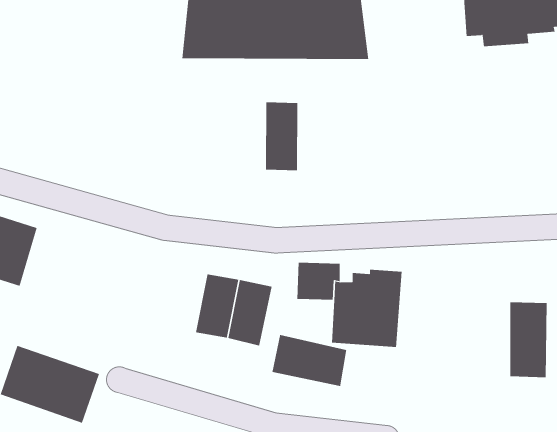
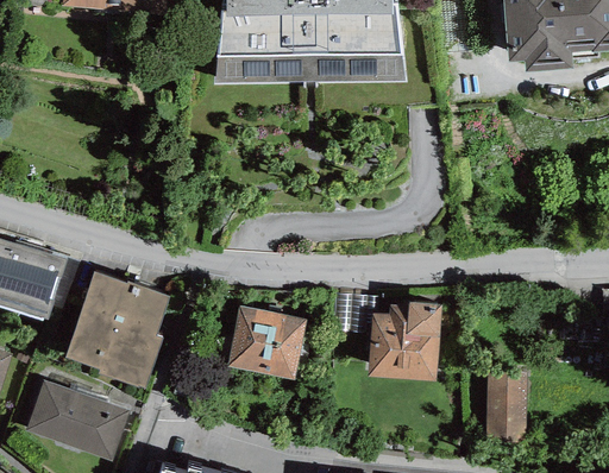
building: [265,102,298,171] -> none
building: none -> [64,270,168,386]
building: [510,302,548,378] -> [486,362,526,441]
building: [272,334,347,387] -> none

